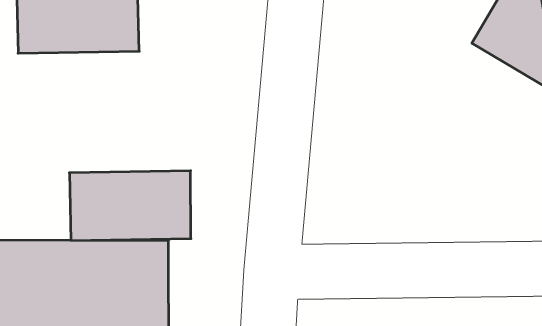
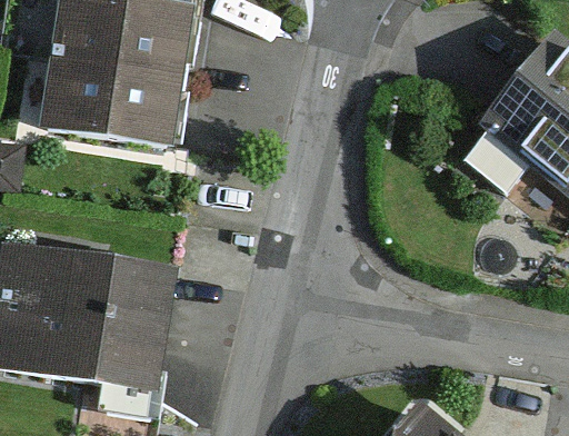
building: [69,171,191,240] -> [50,67,174,148]

